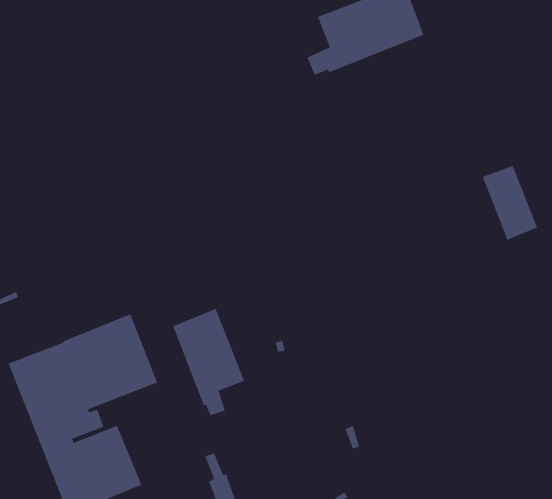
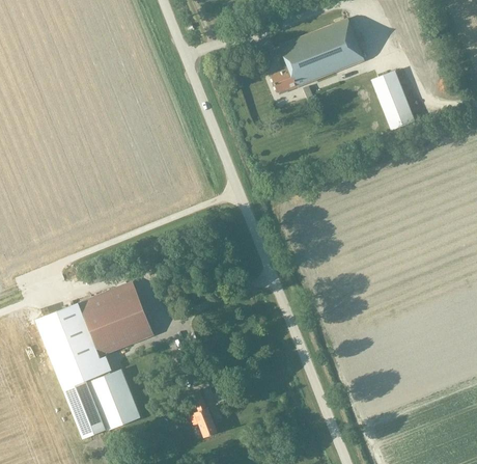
building: [482,165,538,241] -> [370,71,415,131]
building: [172,308,245,417] -> none

